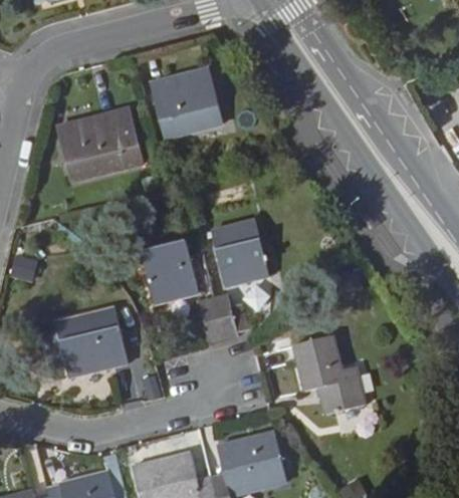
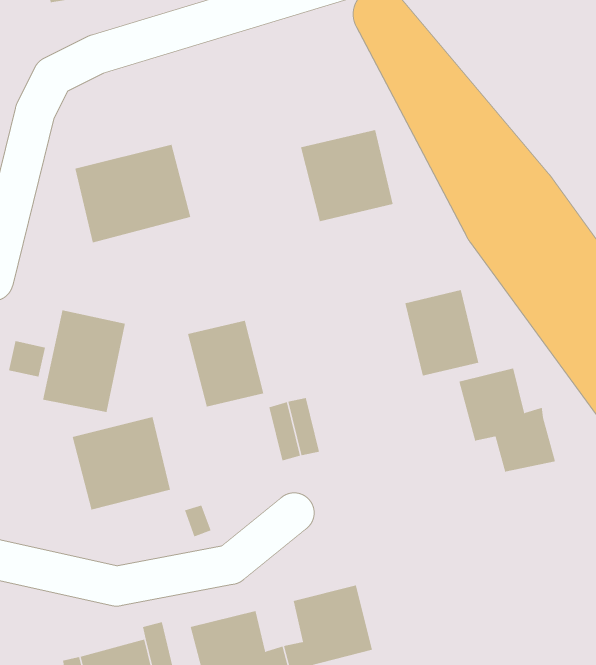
building: [150,68,219,137] -> [300,130,394,222]
building: [213,220,268,284] -> [404,290,479,376]
building: none -> [42,309,125,413]
building: [284,336,357,414] -> [458,368,556,472]

